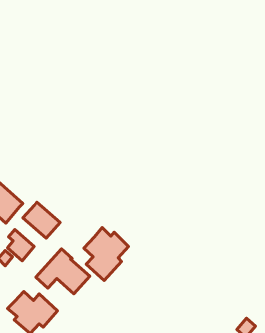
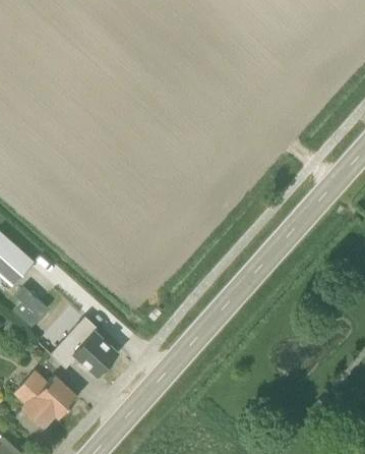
building: [23,202,60,238] -> none
building: [84,228,129,280] -> none

